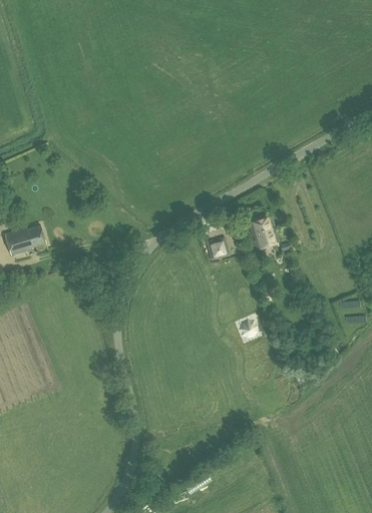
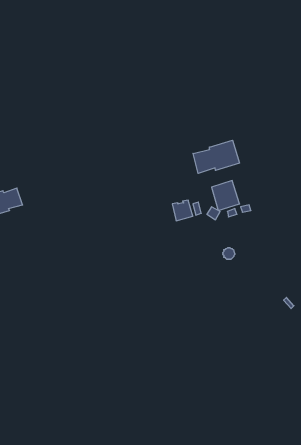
building: none -> [193,140,239,173]

